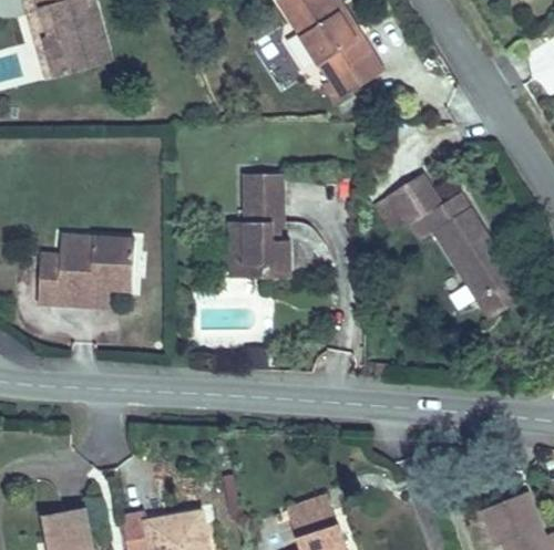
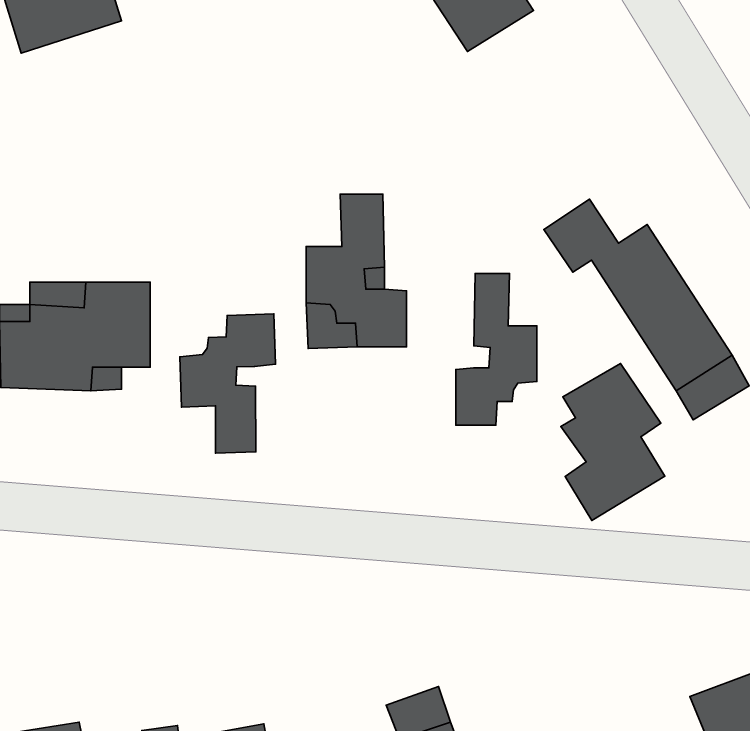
building: none -> [456,273,537,425]
building: none -> [180,314,276,453]
building: none -> [561,364,665,520]

